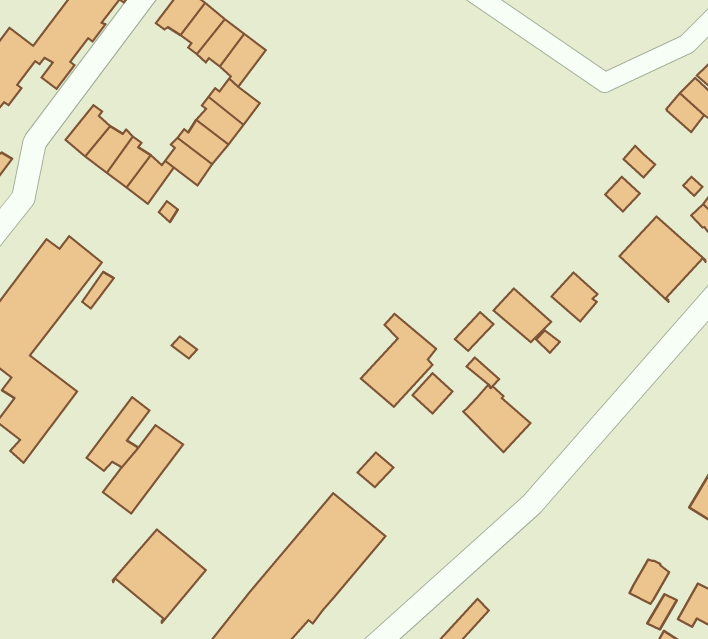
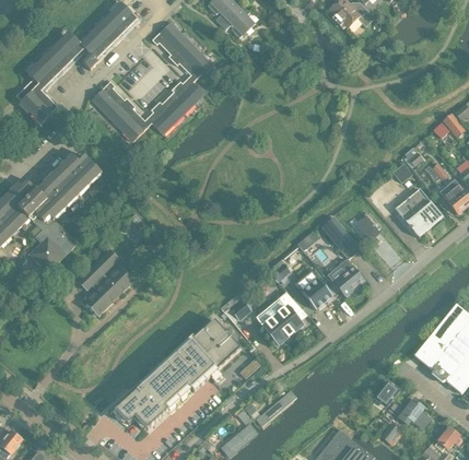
building: [361,314,436,407] -> [261,291,306,343]
building: none -> [327,258,363,296]
building: [113,530,206,623] -> none

